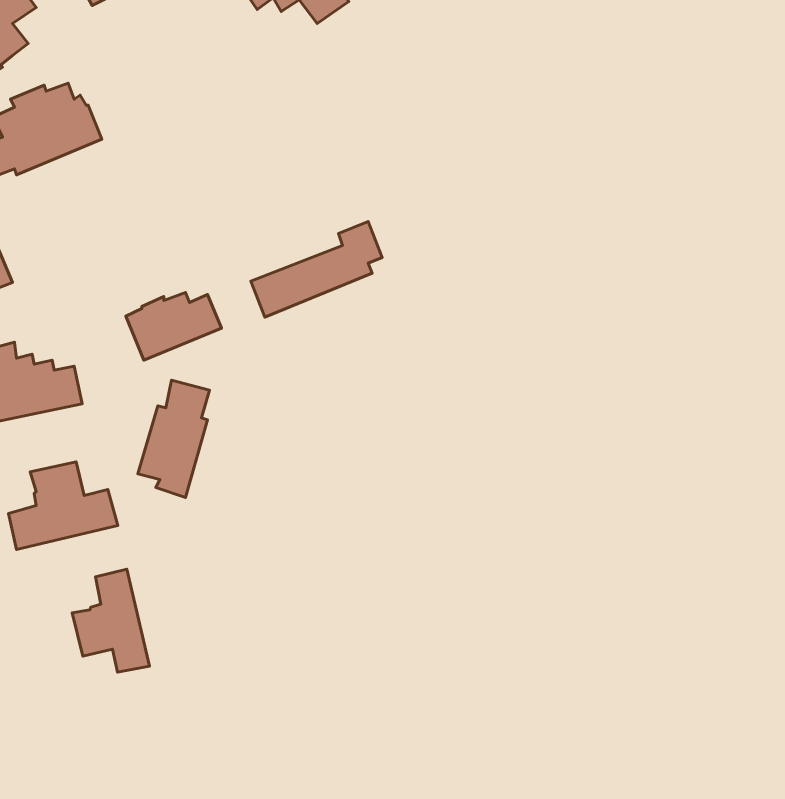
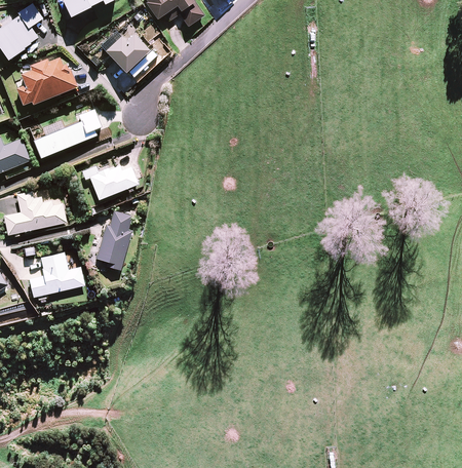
building: none -> [106,34,150,73]
building: [251,221,382,317] -> [34,109,102,158]
building: [72,569,150,672] -> none

